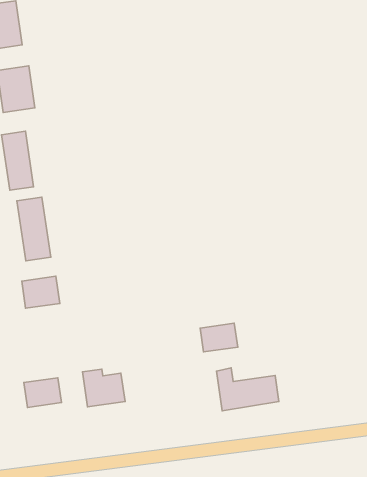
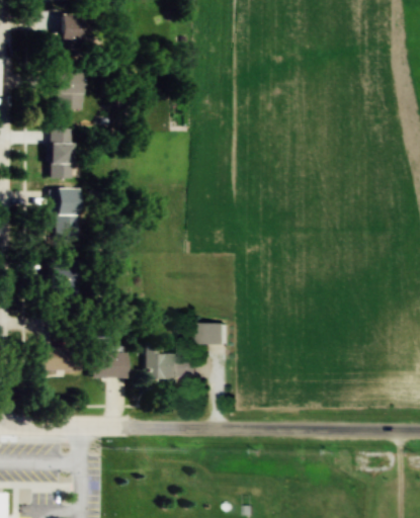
building: [217,368,279,411] -> [148,344,198,380]

